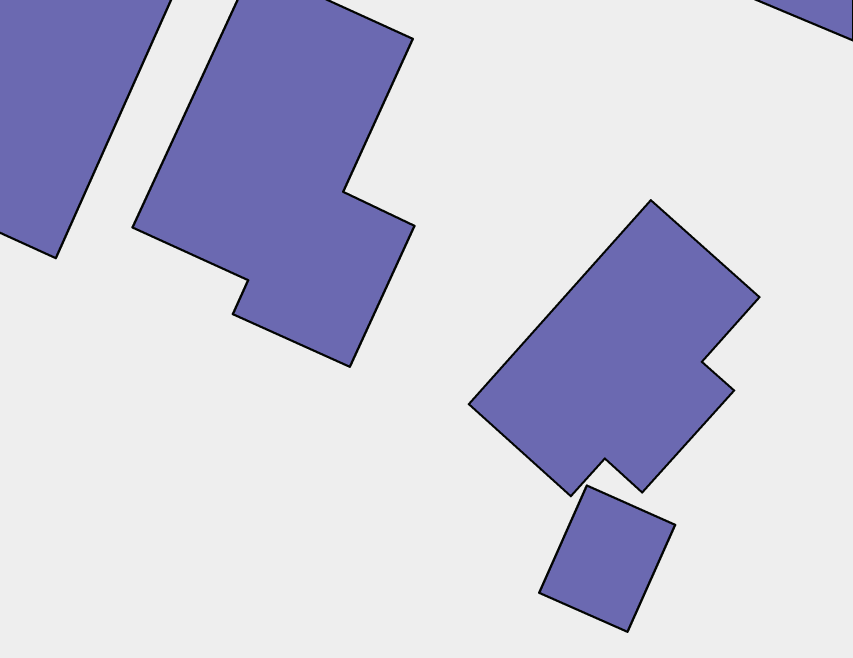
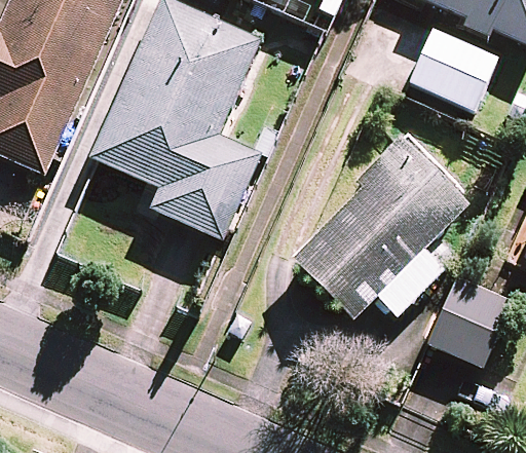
building: none -> [410,29,496,108]
building: [539,486,675,632] -> [427,276,510,365]

